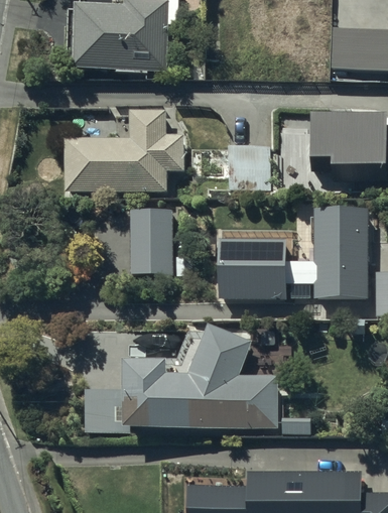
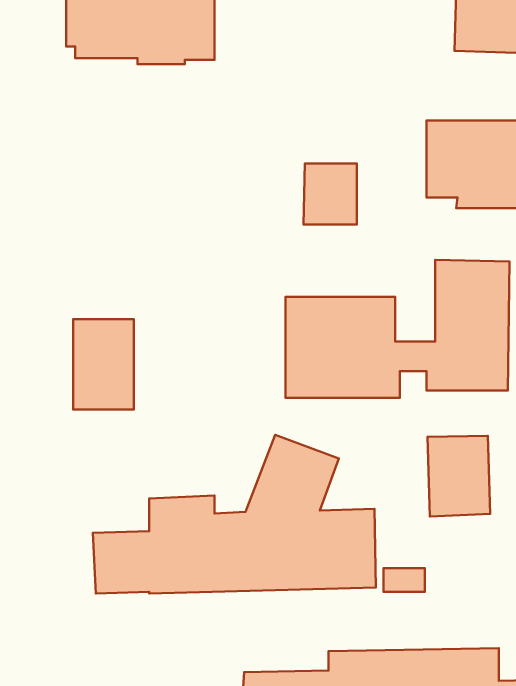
building: [64,108,184,190] -> none
building: [130,207,171,268] -> [73,319,134,409]
building: none -> [428,436,490,516]

